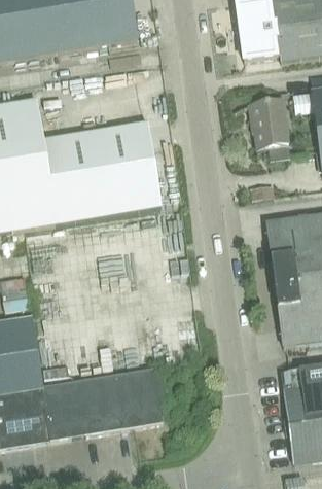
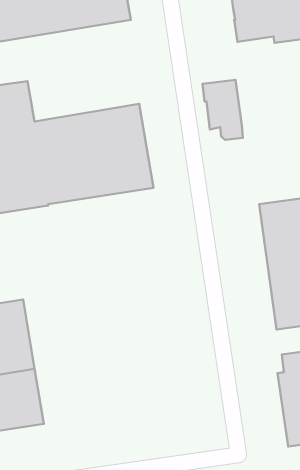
building: [250,99,290,159] -> [203,80,243,140]
building: [42,366,166,439] -> none

